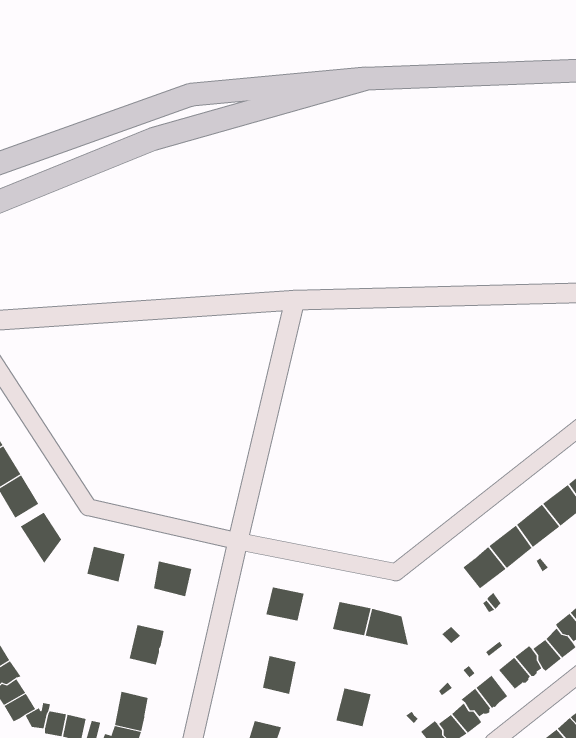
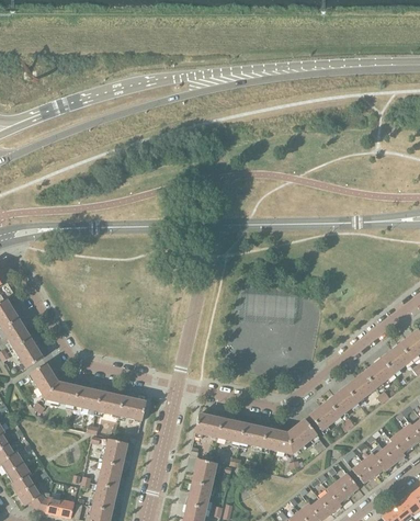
building: none -> [46,382,79,405]
building: none -> [97,392,123,415]
building: none -> [309,400,342,430]
building: none -> [217,418,245,442]
building: none -> [287,419,316,453]
building: none -> [98,462,122,488]
building: [336,688,371,727] -> [188,482,212,508]

